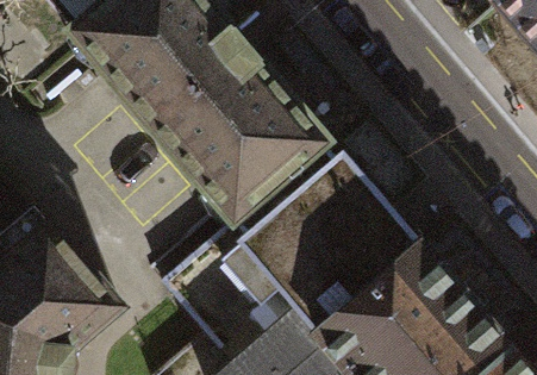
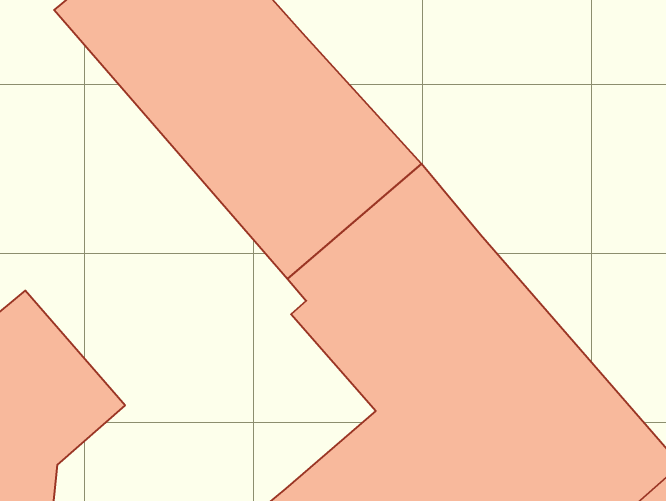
building: [161,217,296,364] -> none

